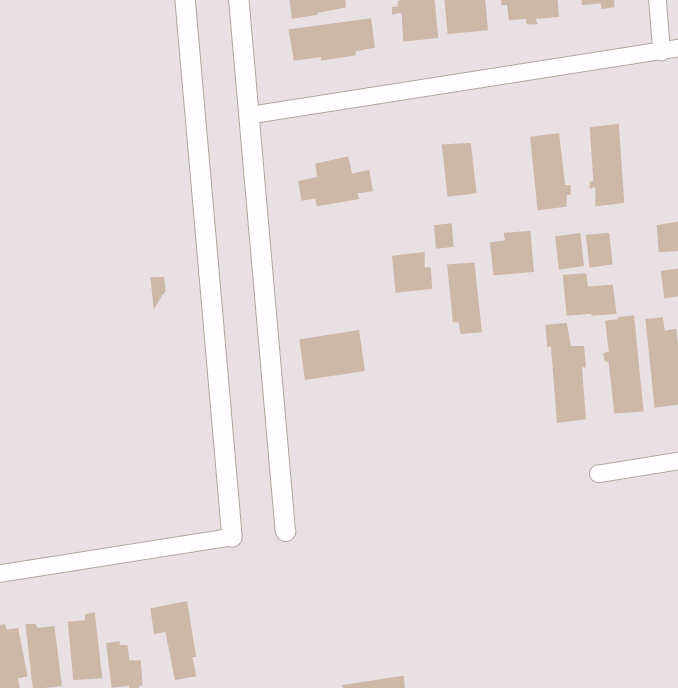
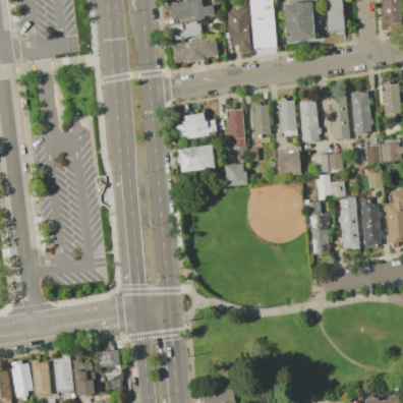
building: none -> [351,92,371,133]
building: none -> [278,101,296,135]
building: [446,262,483,335] -> [226,109,245,148]
building: [299,329,366,381] -> [179,145,215,172]

